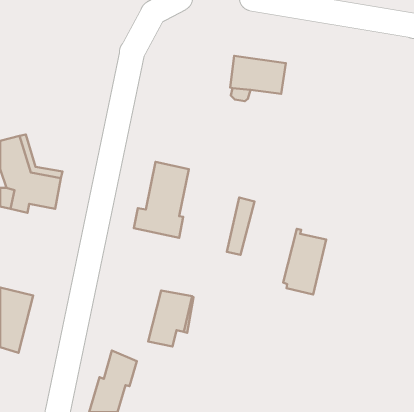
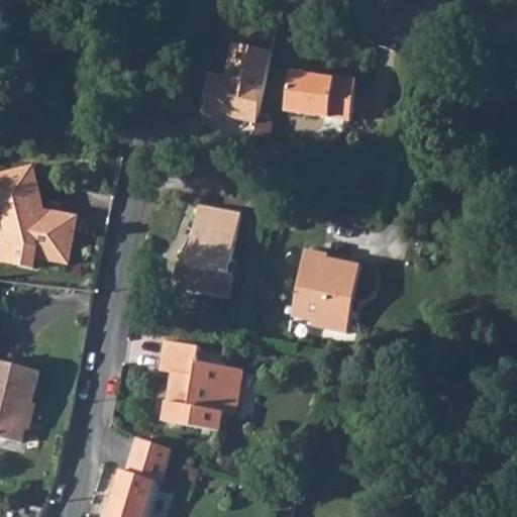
building: none -> [200,42,272,123]
building: [283,229,326,295] -> [300,251,353,333]
building: none -> [158,340,201,426]

